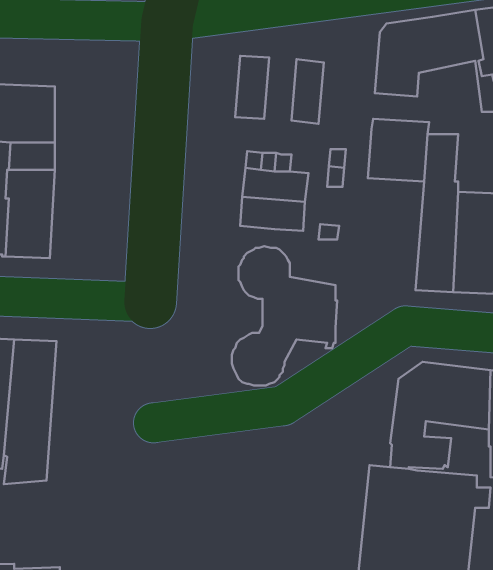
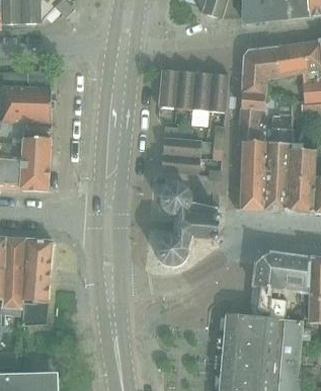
building: none -> [175,71,194,108]
building: none -> [208,74,228,111]
building: none -> [240,92,292,116]
building: none -> [235,143,270,210]

